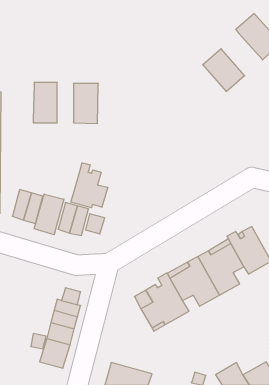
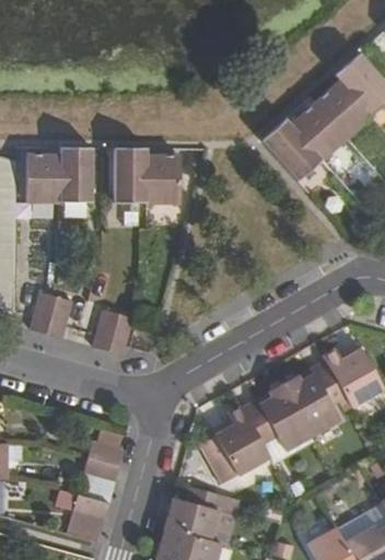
building: none -> [315,81,371,138]
building: none -> [261,119,322,182]
building: none -> [26,150,60,198]
building: none -> [147,151,179,199]
building: [71,163,108,208] -> none
building: [34,194,64,235] -> none
building: none -> [165,488,237,545]

